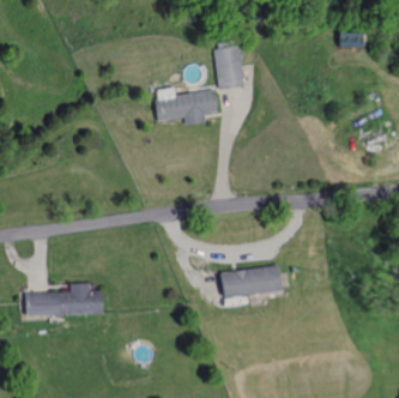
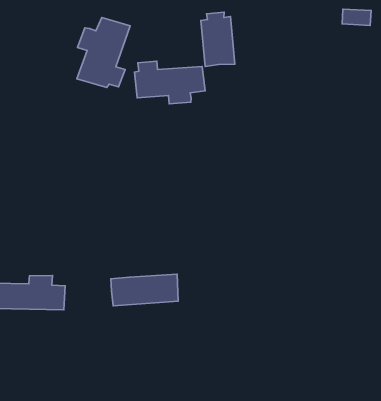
building: none -> [77,17,130,88]
building: [222,266,283,297] -> [111,274,178,306]

